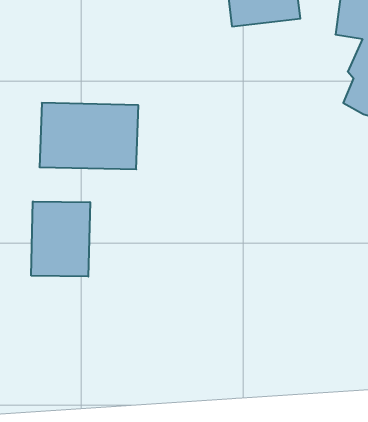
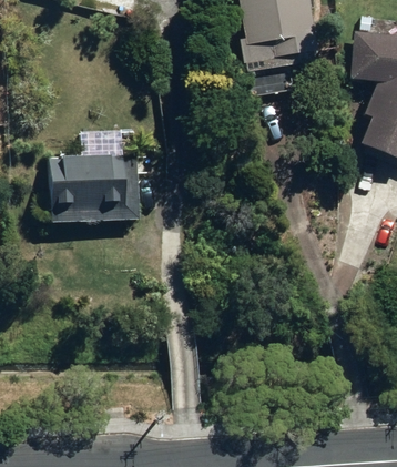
building: [31,201,90,277] -> none

